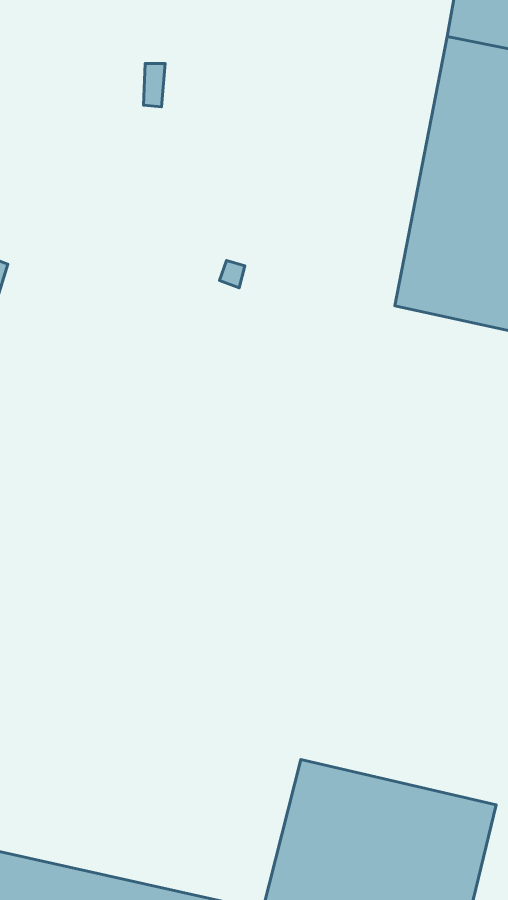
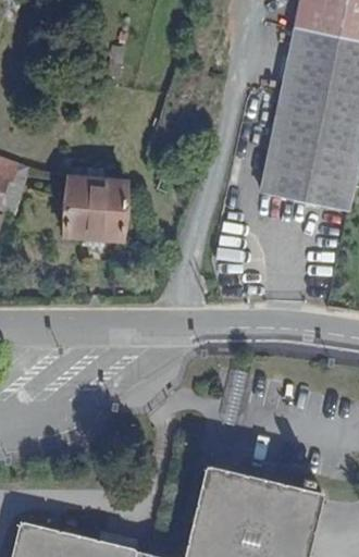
building: none -> [64,177,127,242]

